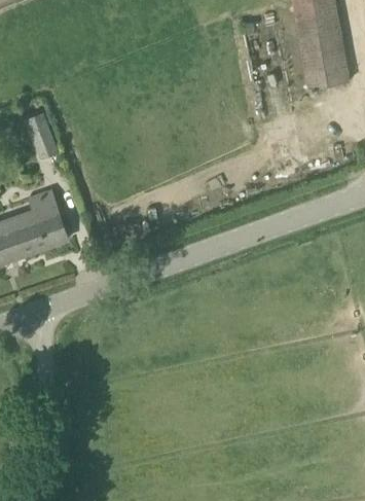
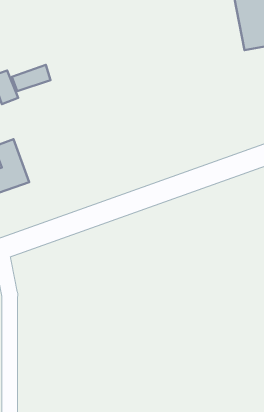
building: none -> [12,65,51,91]

